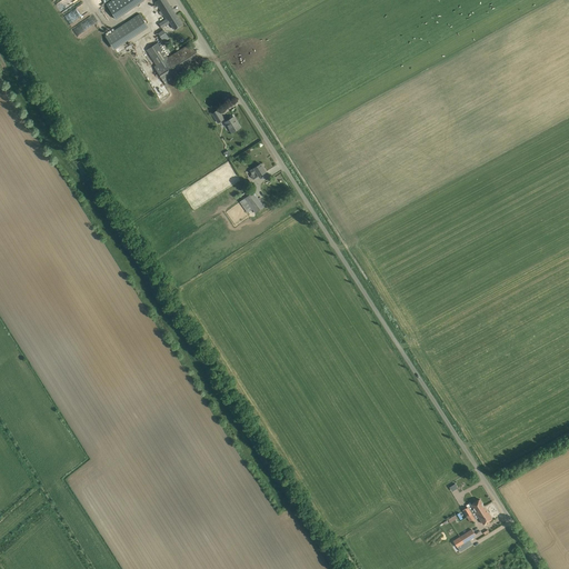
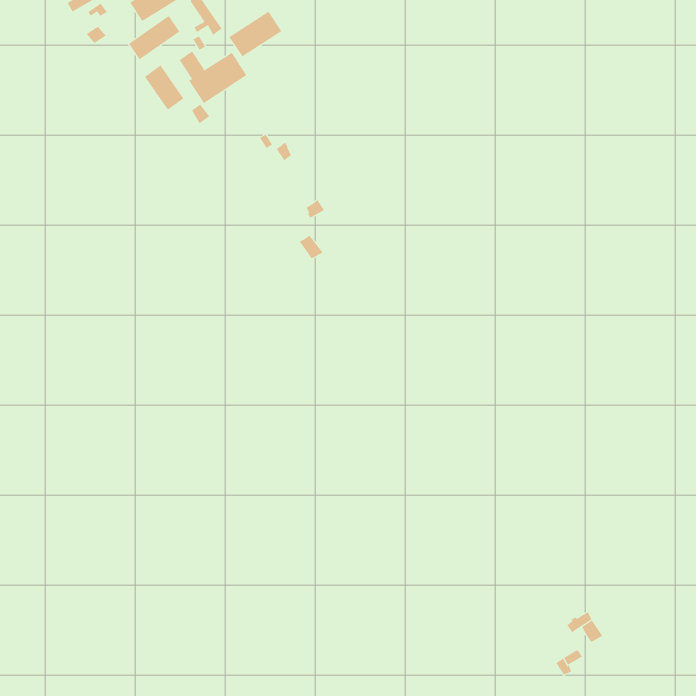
building: none -> [229,11,282,57]
building: none -> [144,65,184,111]

